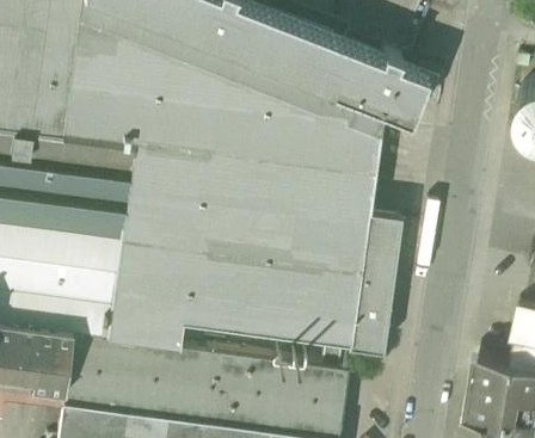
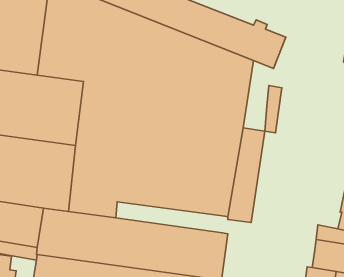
building: none -> [265,85,282,133]
building: [178,322,340,369] -> none

